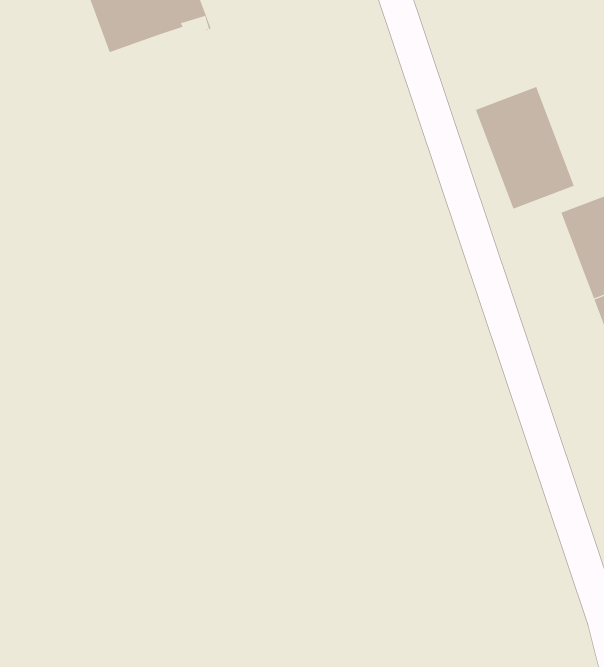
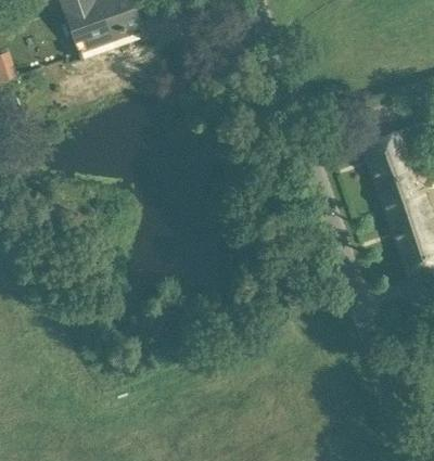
building: [475,86,574,209] -> none

